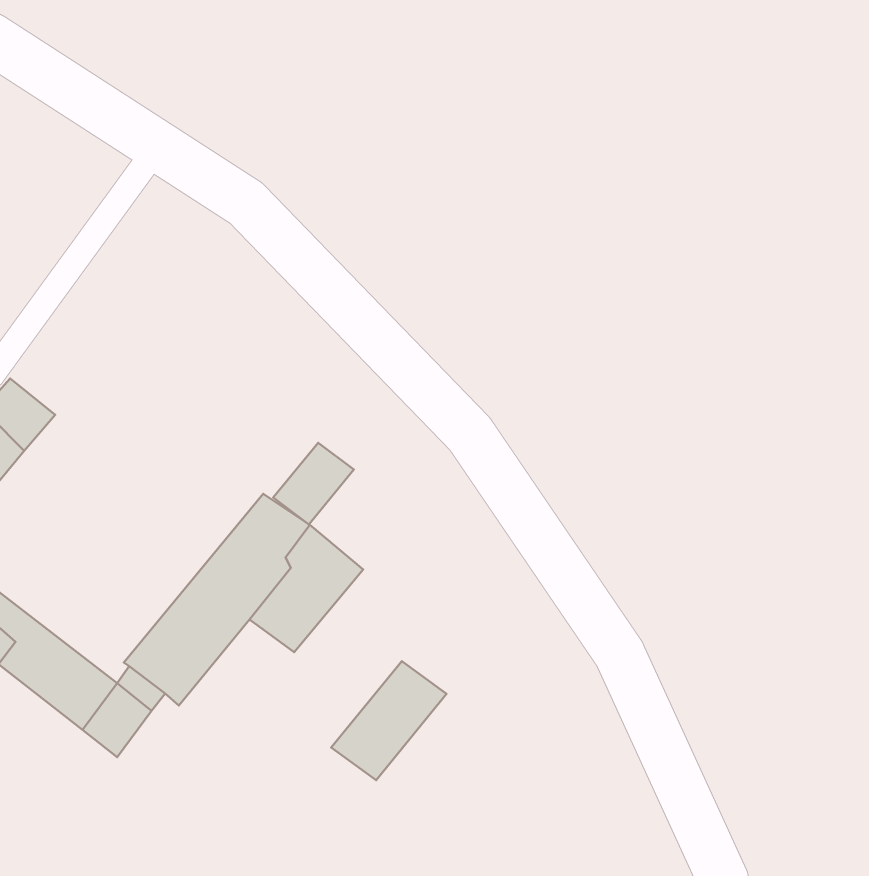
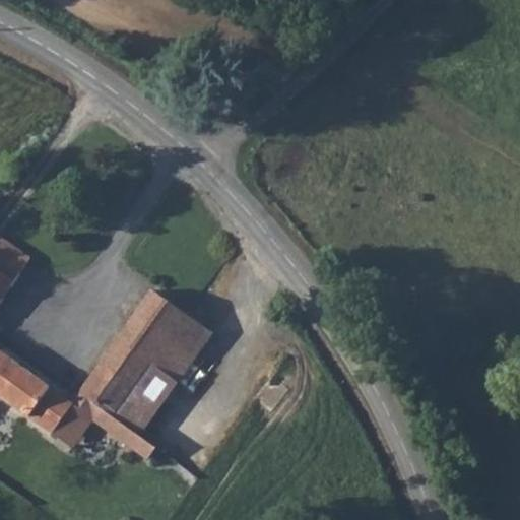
building: [273,443,354,524] -> none
building: [331,661,447,780] -> [106,368,174,438]

